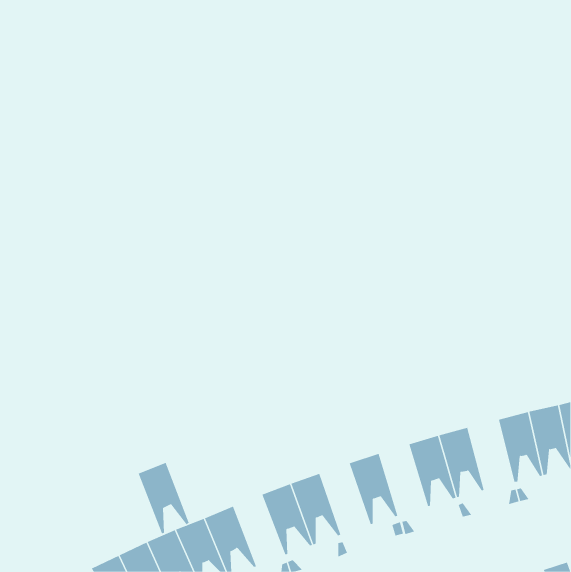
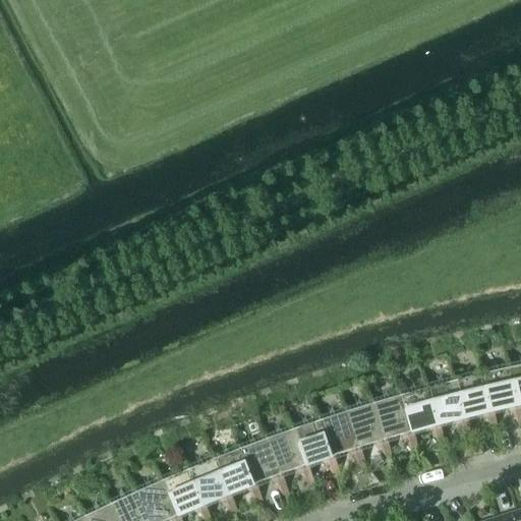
building: none -> [424,381,466,445]
building: none -> [344,403,388,468]
building: [138,462,190,534] -> [212,449,258,514]
building: none -> [290,420,336,485]

